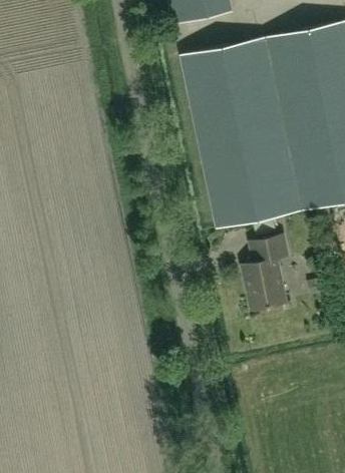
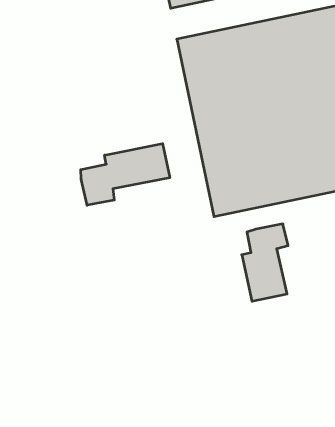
building: none -> [81,144,170,205]

